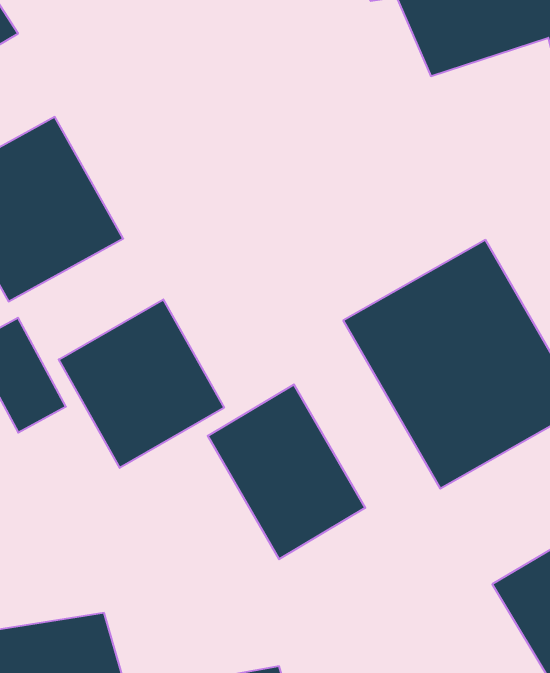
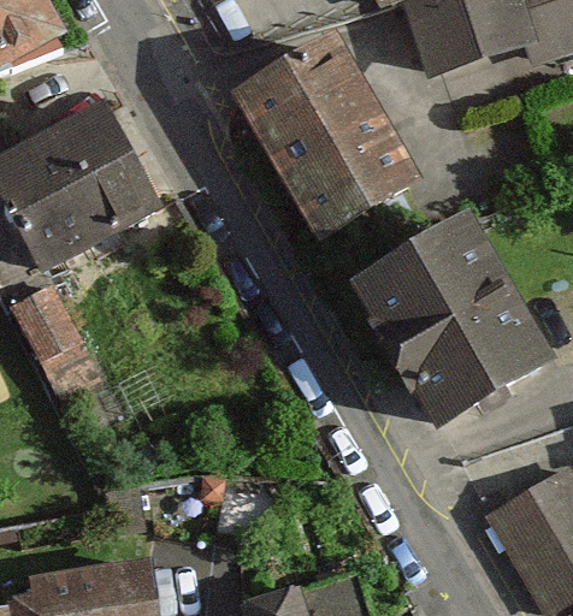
building: none -> [235,34,415,243]
building: [59,299,224,468] -> none
building: [208,384,365,559] -> none

